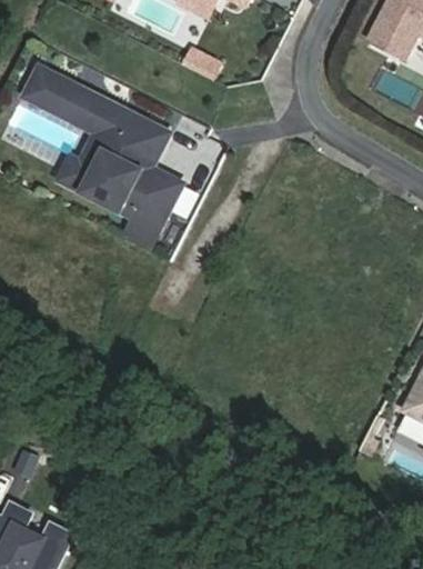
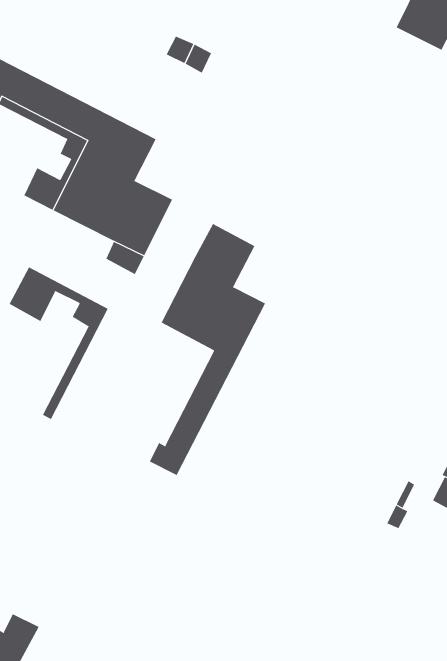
building: none -> [149,223,266,476]
building: none -> [9,266,108,420]

